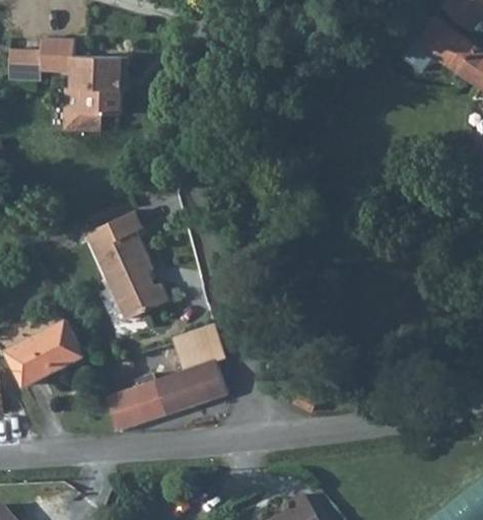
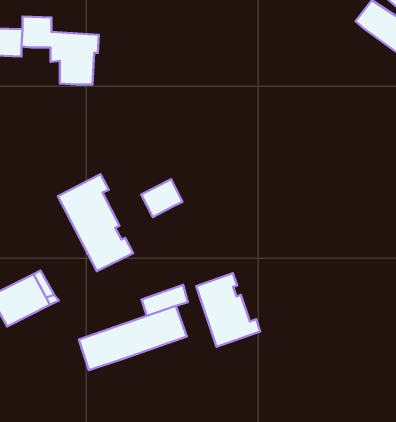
building: [66,85,103,129] -> none
building: none -> [141,179,183,217]
building: none -> [196,273,260,347]

